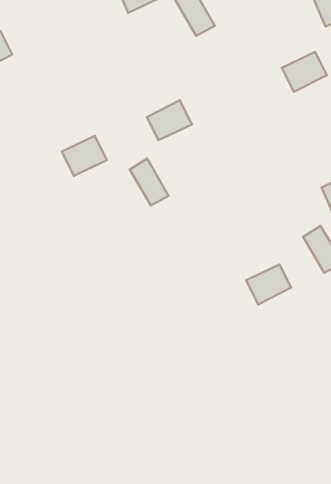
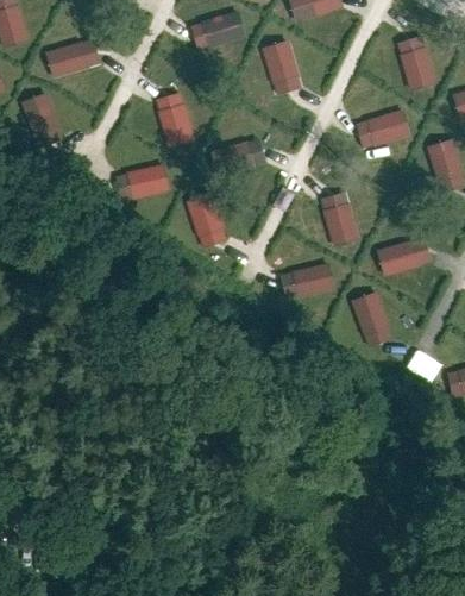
building: none -> [162,102,197,149]
building: none -> [322,194,358,240]
building: [246,264,291,304] -> [288,263,332,300]

